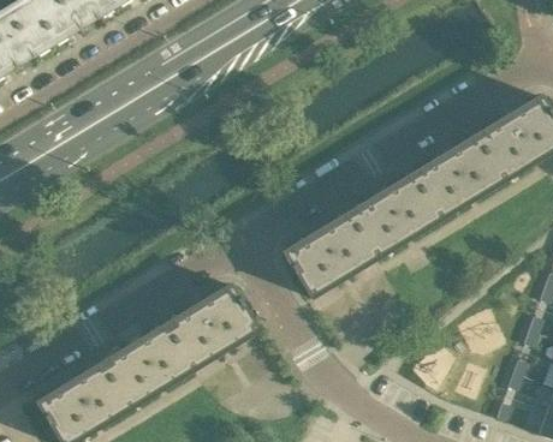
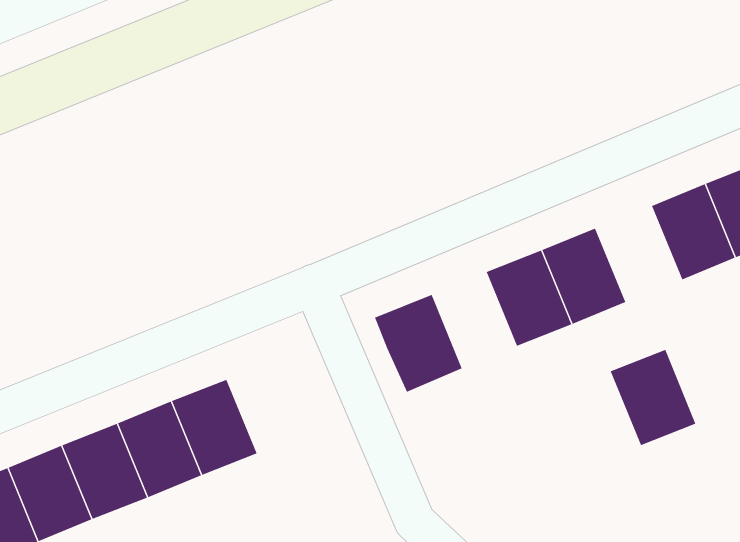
building: [410,154,469,216] -> [610,349,696,446]
building: [315,211,373,274] -> none
building: [196,282,255,347] -> none

